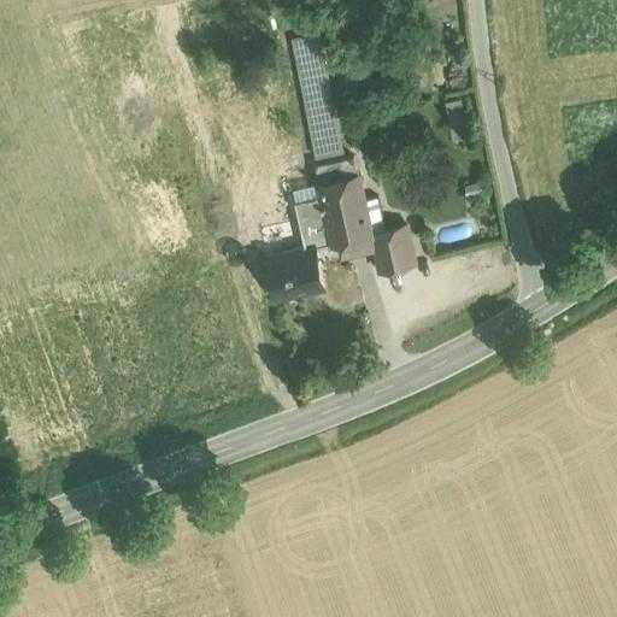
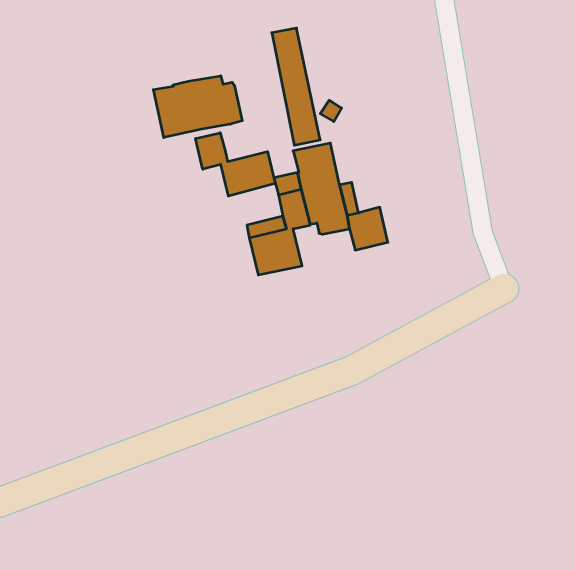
building: none -> [153,76,242,138]
building: none -> [196,133,275,196]

